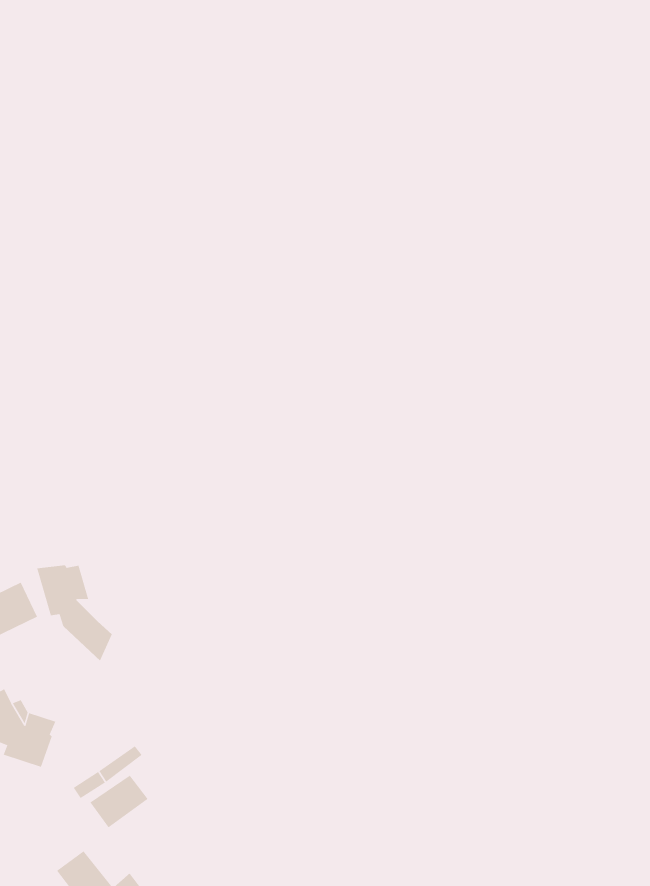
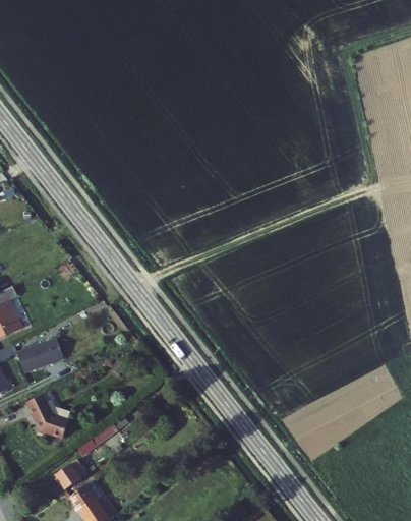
building: [37,565,112,661] -> none
building: [90,775,149,828] -> [55,460,87,489]

